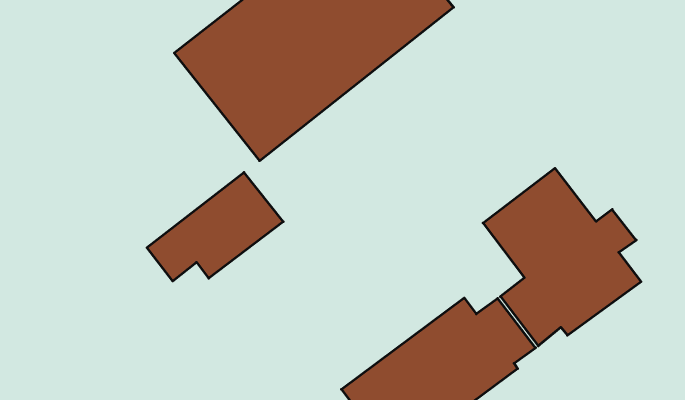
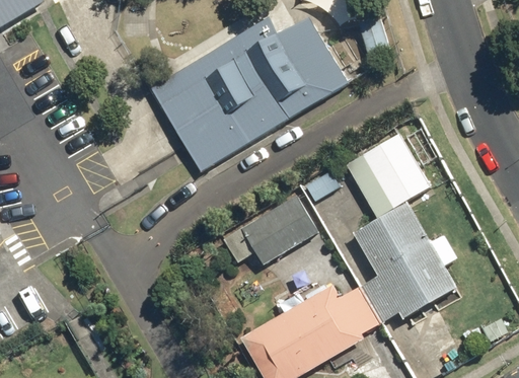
building: none -> [361,133,429,208]
building: [147,172,283,281] -> [221,194,318,264]

